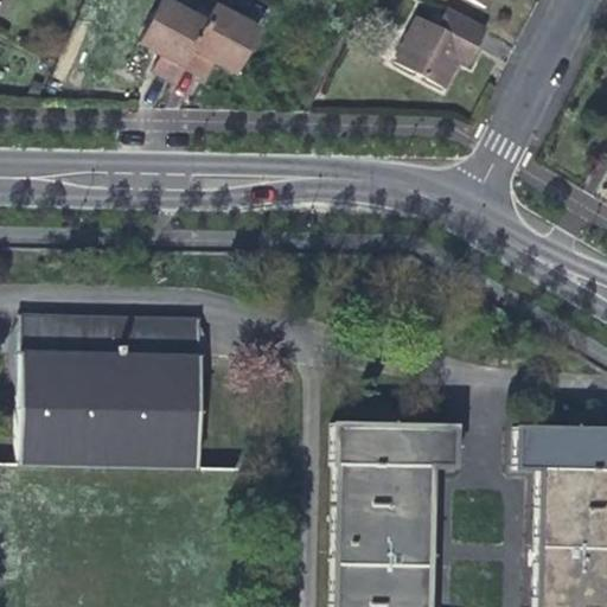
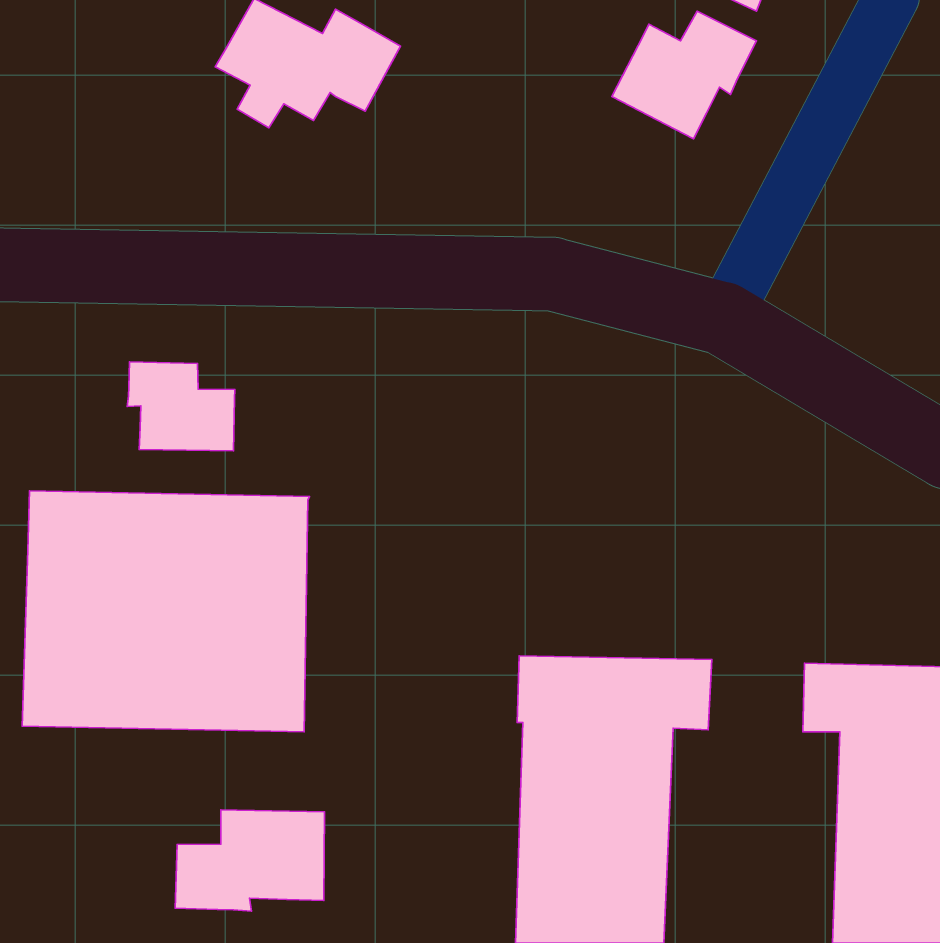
building: none -> [127,362,235,451]
building: none -> [175,810,325,911]

